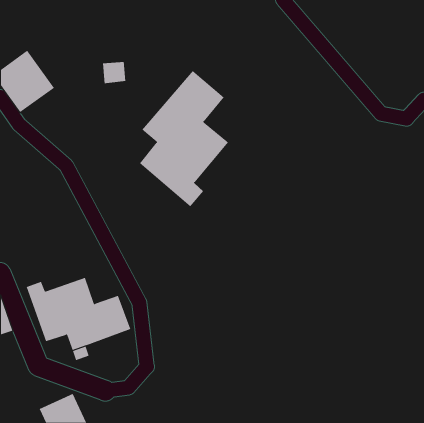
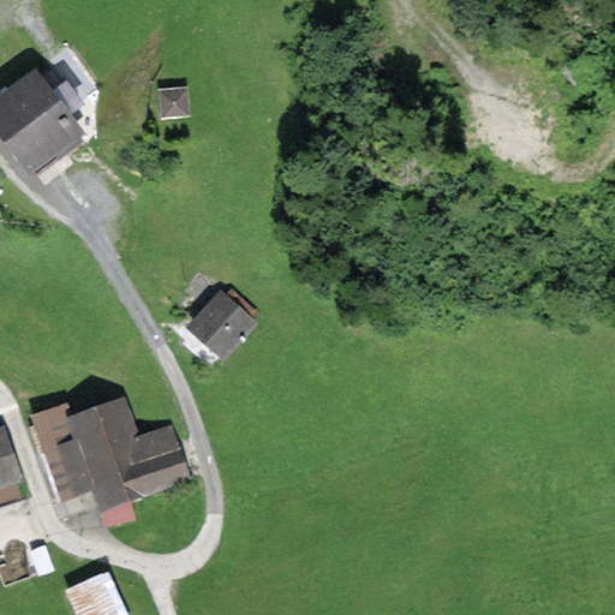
building: [139,70,229,207] -> none
building: none -> [174,286,251,363]

